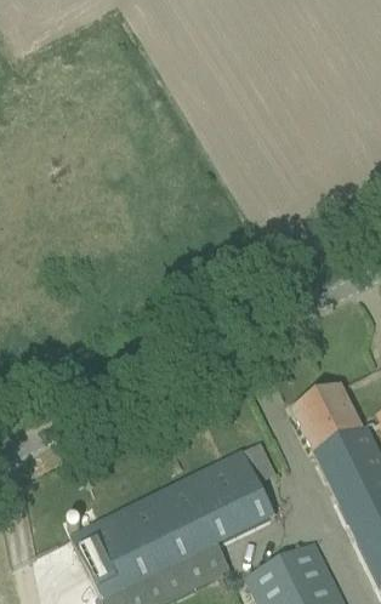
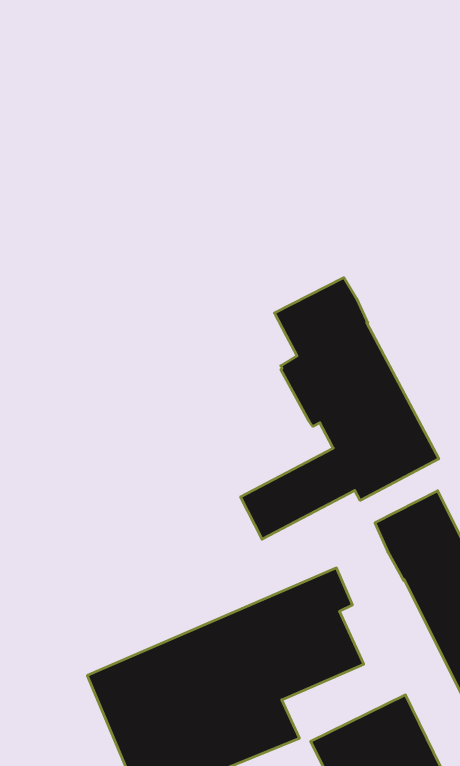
building: none -> [241,278,439,539]

